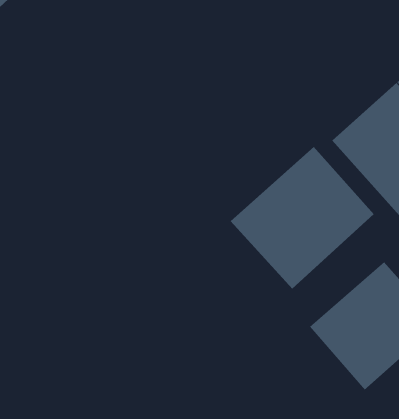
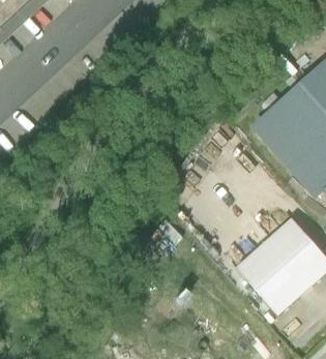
building: [230,146,375,289] -> none

